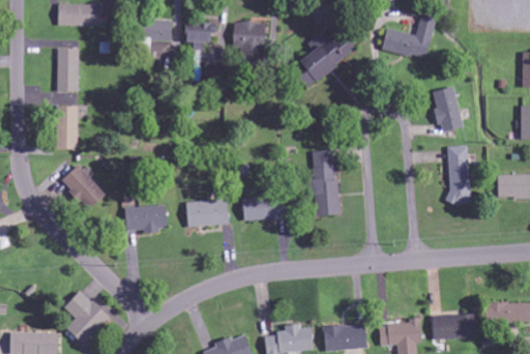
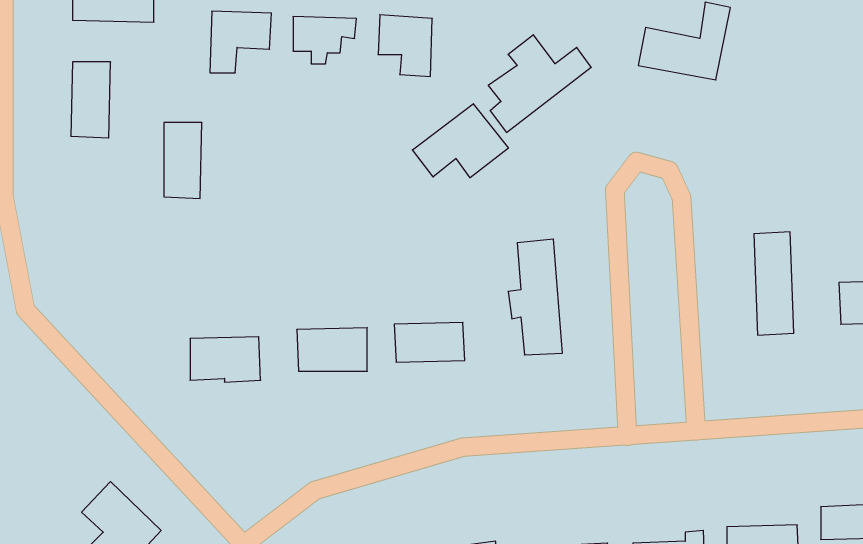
building: none -> [412,104,508,178]
building: [434,87,464,134] -> none
building: [57,107,79,150] -> [164,123,202,198]
building: [60,166,106,210] -> none

